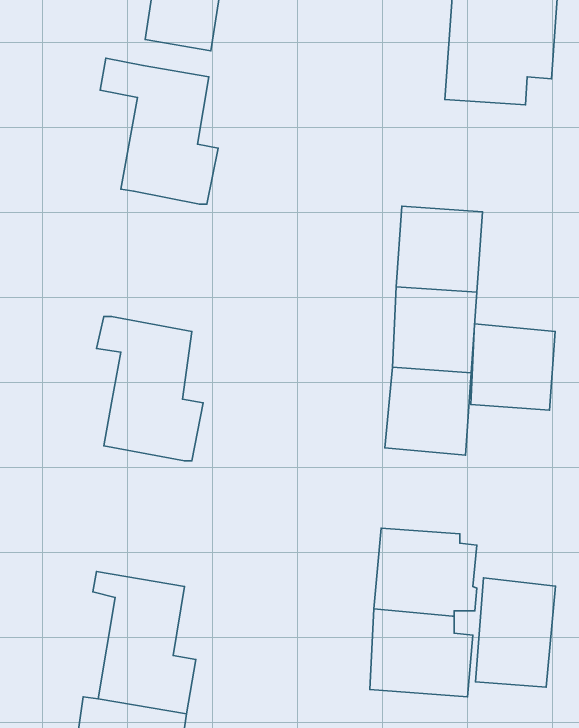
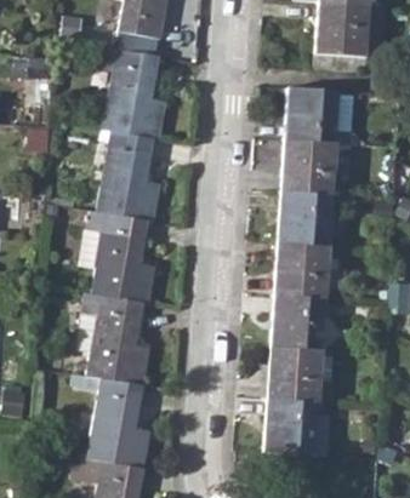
building: none -> [285,85,355,141]
building: none -> [97,127,161,219]
building: [471,324,555,410] -> [272,293,326,349]
building: none -> [75,291,152,383]
building: [475,578,556,687] -> none

